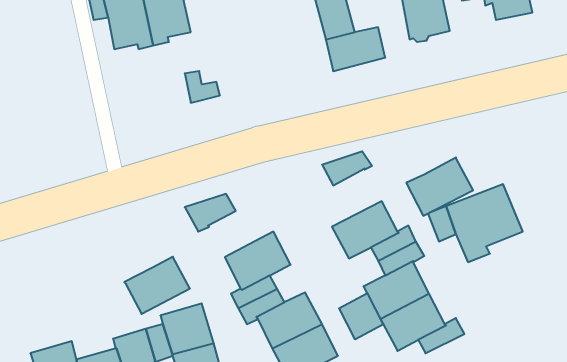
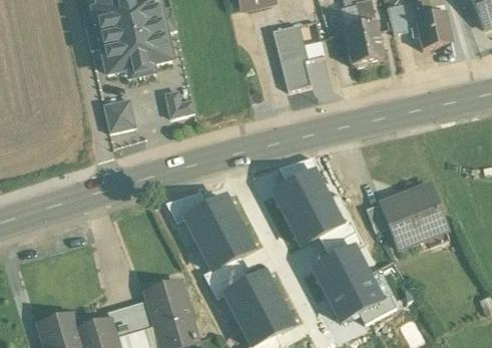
building: none -> [104,97,136,130]
building: [406,157,473,216] -> [274,169,329,218]
building: [124,257,190,314] -> [185,196,239,243]
building: [339,293,383,339] -> none

